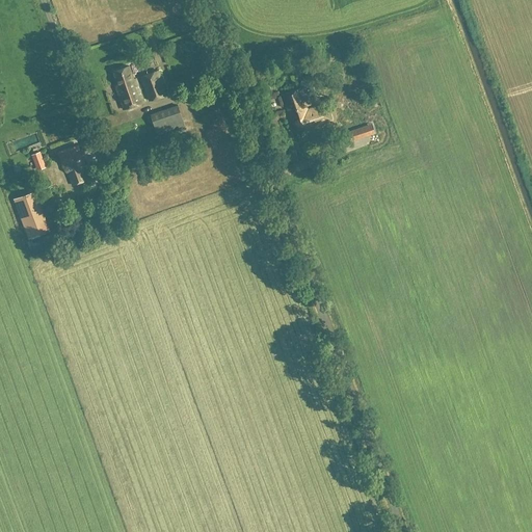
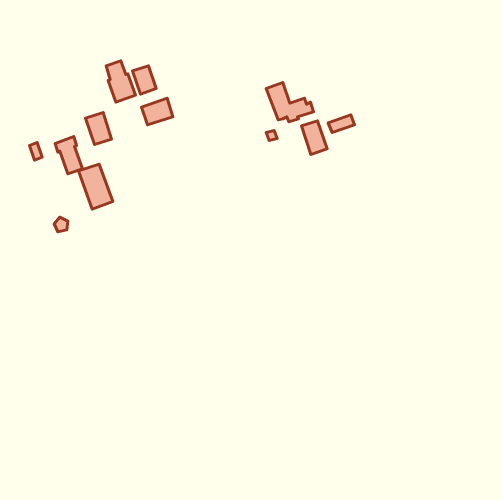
building: none -> [86,112,111,145]
building: none -> [302,121,327,154]
building: [12,190,49,238] -> [79,164,113,209]

